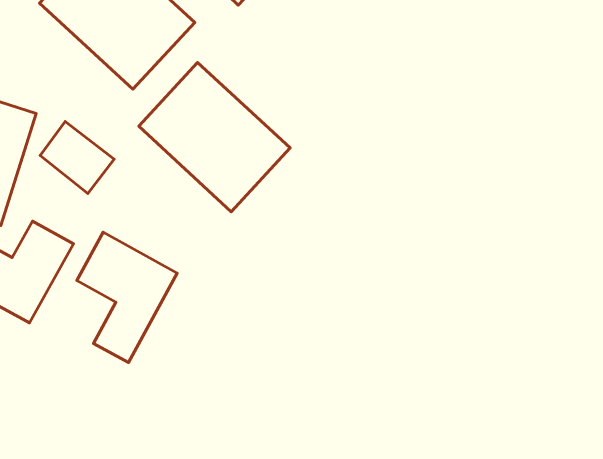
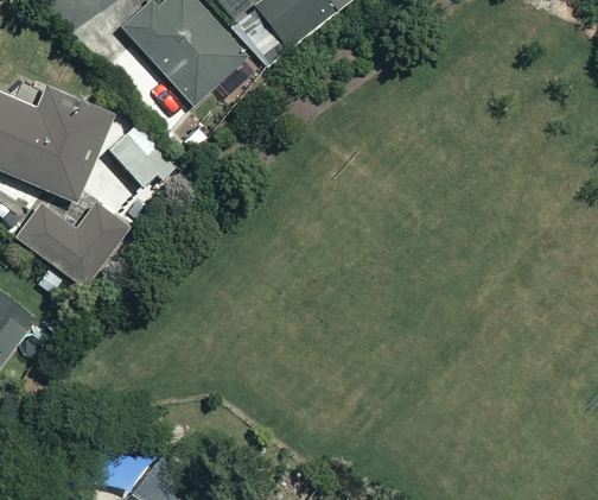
building: [139,63,290,212] -> none
building: [77,232,177,363] -> none

